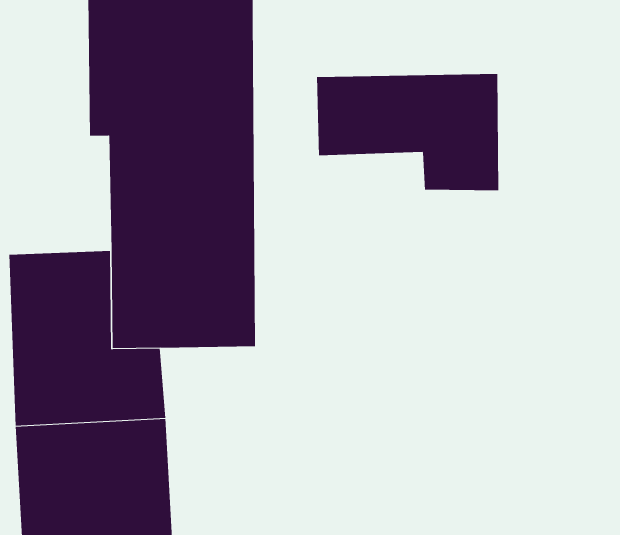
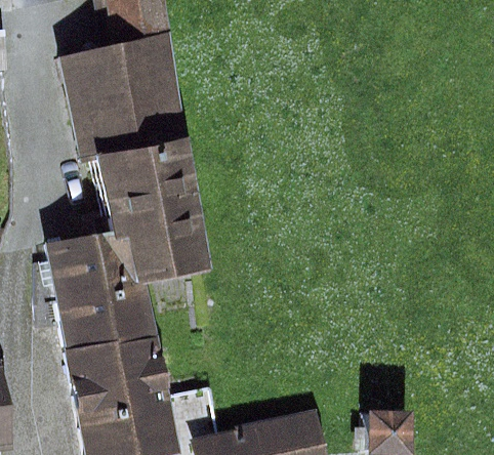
building: [316,73,499,191] -> none

